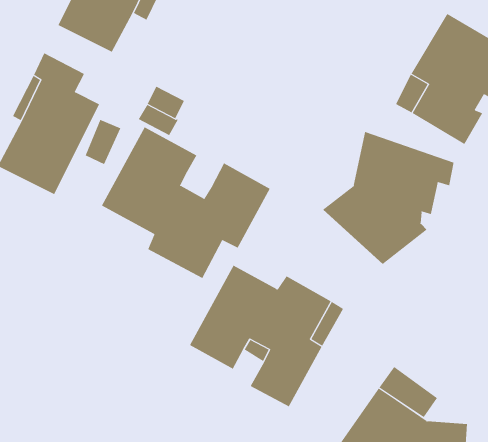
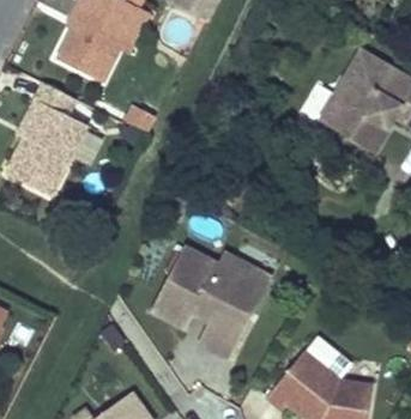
building: [101,127,271,279] -> none
building: [322,131,454,265] -> none

